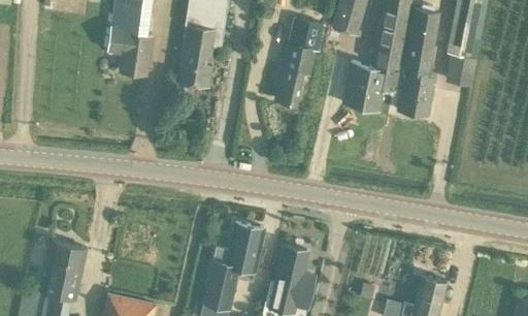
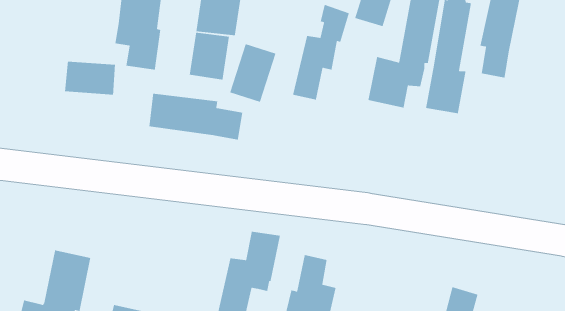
building: none -> [229,43,276,103]
building: none -> [64,61,116,96]
building: none -> [148,93,243,140]

